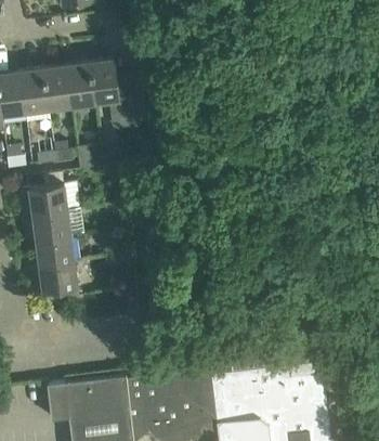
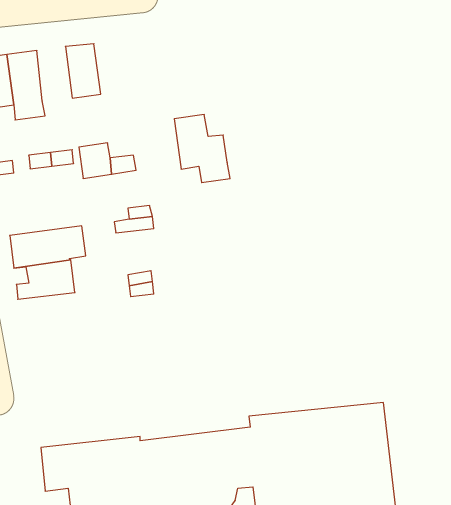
building: [89,60,133,114] -> [174,115,230,183]
building: [43,65,71,108] -> none
building: [18,181,79,216] -> none
building: [28,261,78,302] -> none

